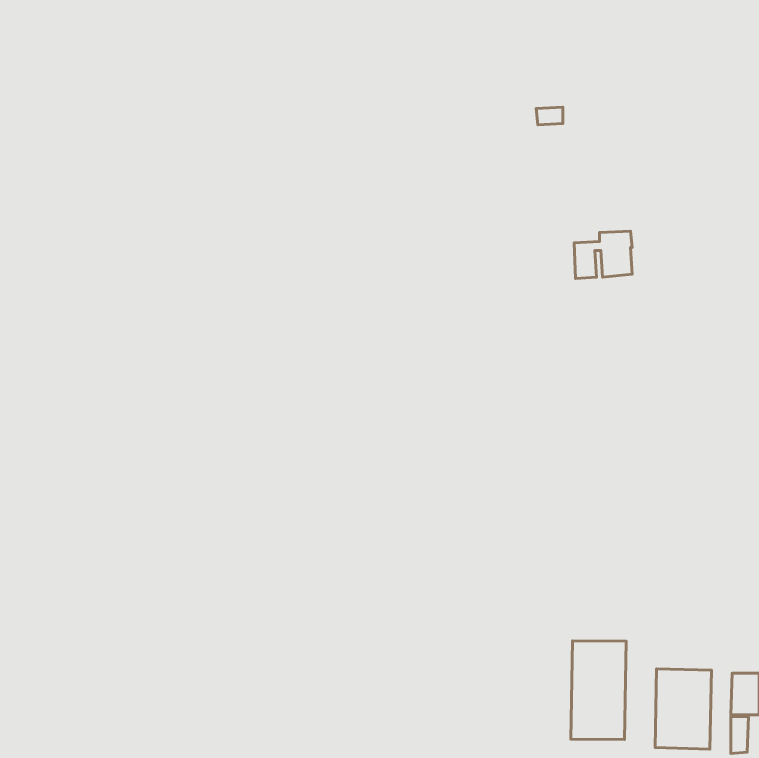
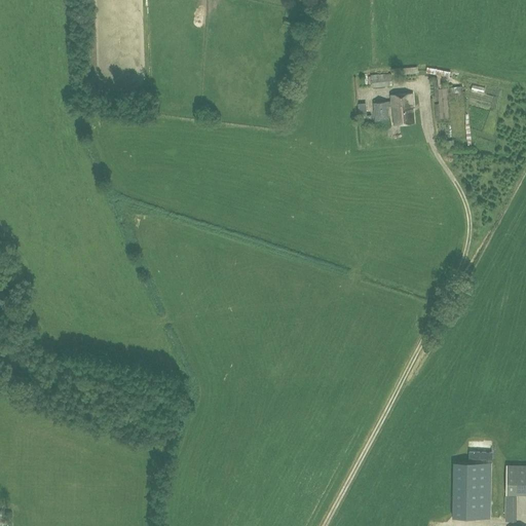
building: [574,231,632,279] -> [374,93,414,126]
building: [571,641,626,740] -> none

